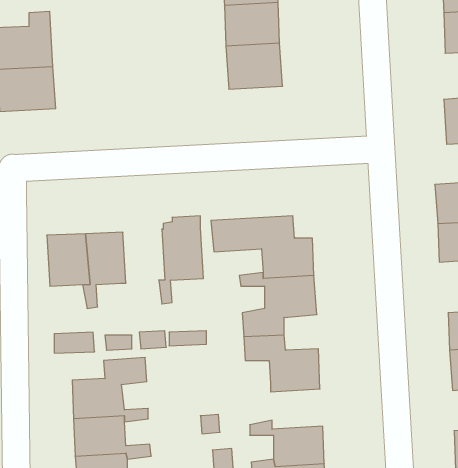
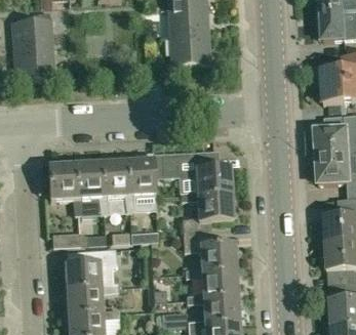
building: none -> [98,161,128,213]
building: none -> [185,266,237,298]

